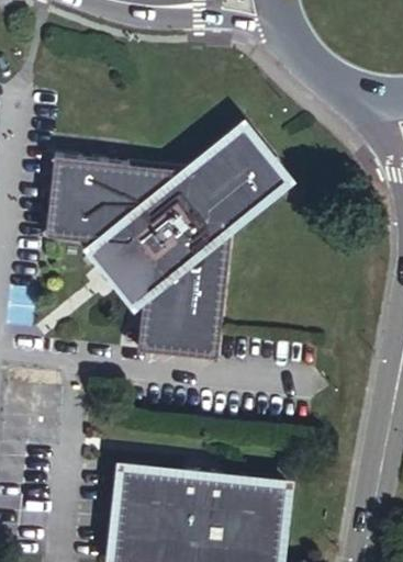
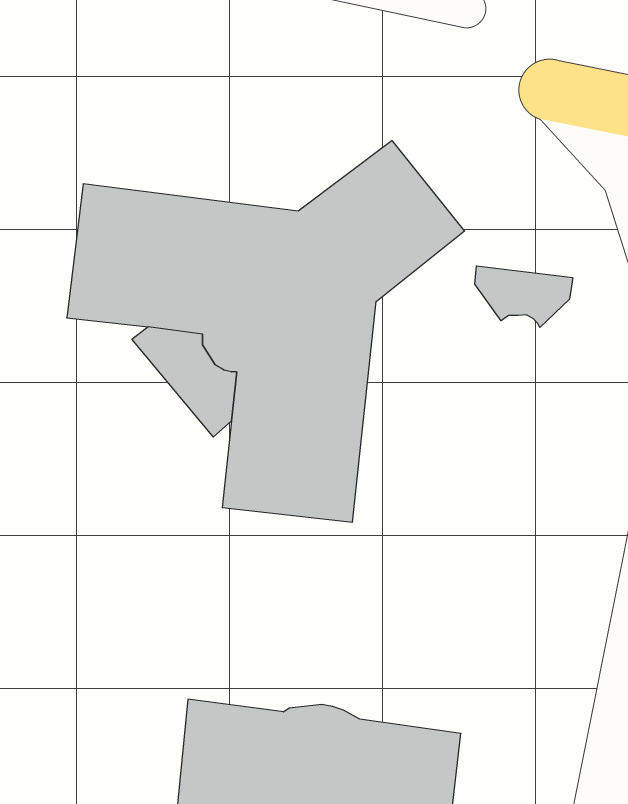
building: none -> [475,266,573,327]

